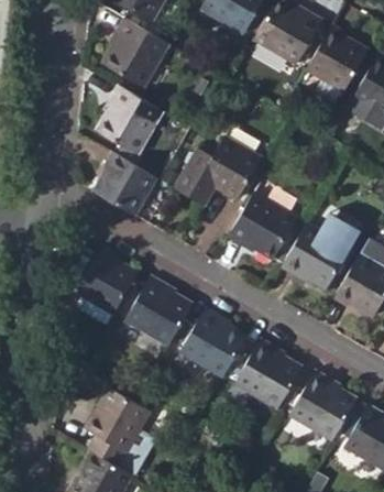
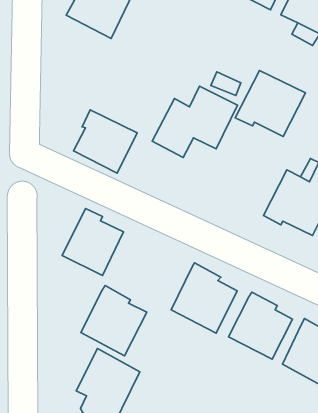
building: [95,85,161,154] -> none
building: [224,195,295,261] -> [235,71,305,136]
building: [129,280,195,350] -> [81,286,147,356]

